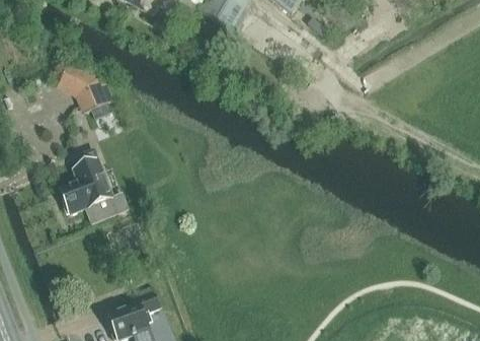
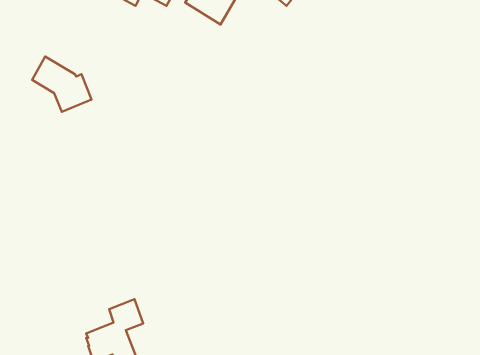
building: [60,150,113,213] -> none

